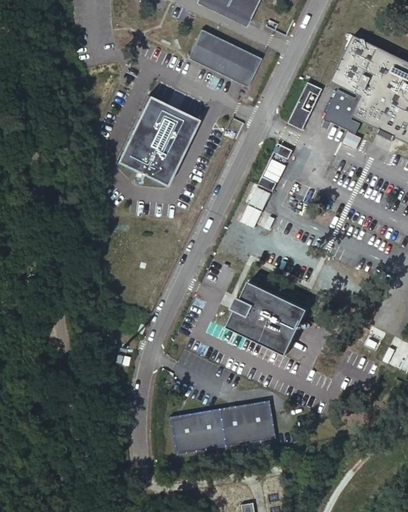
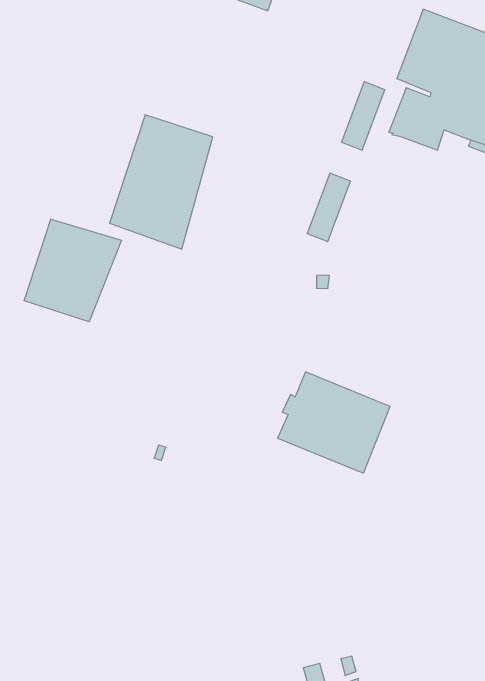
building: [187,29,260,86] -> none
building: none -> [24,219,121,322]
building: [168,399,274,454] -> none

